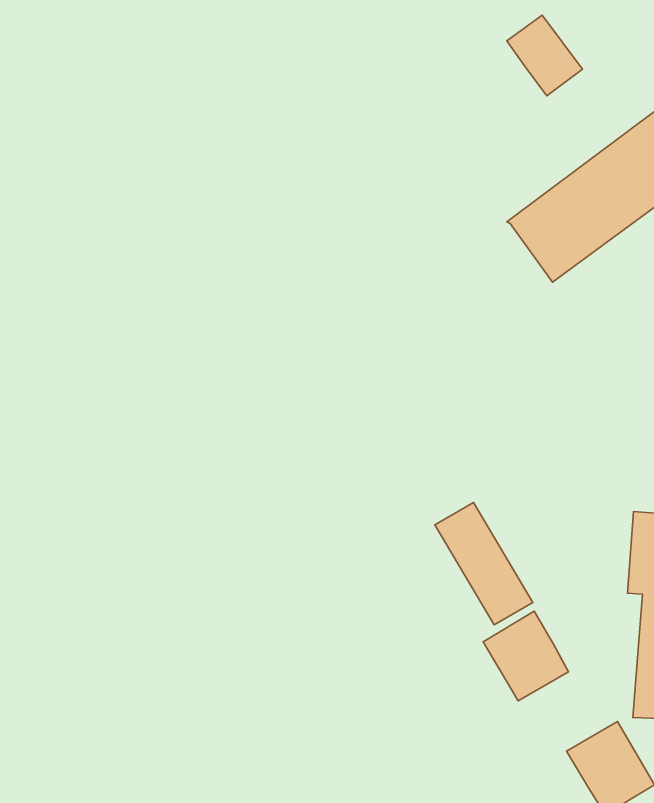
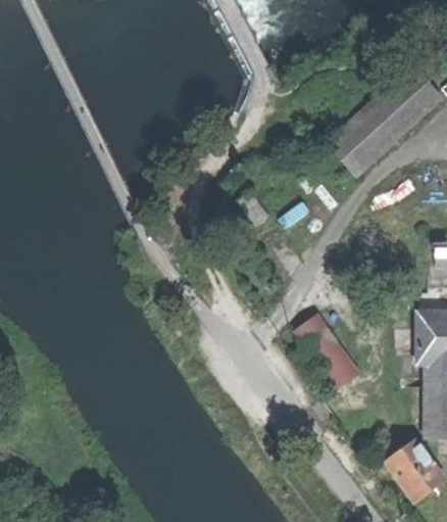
building: [507,15,582,96] -> none
building: [483,611,568,701] -> none

